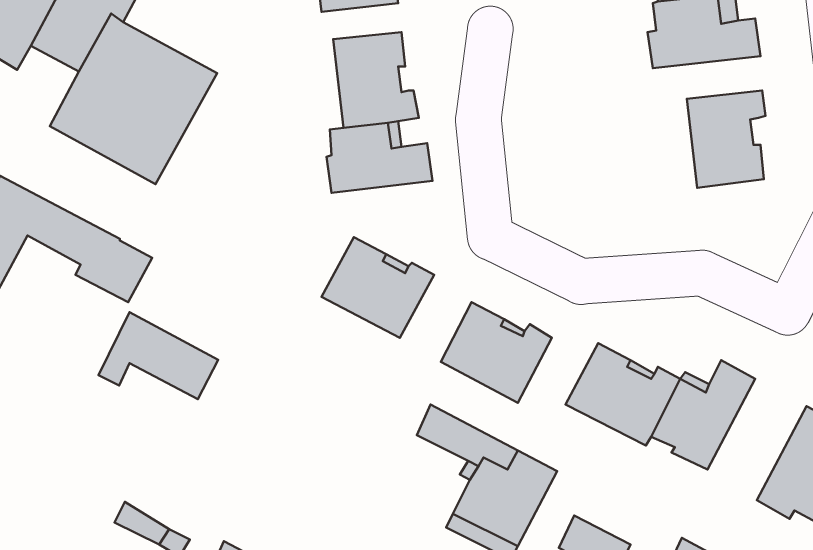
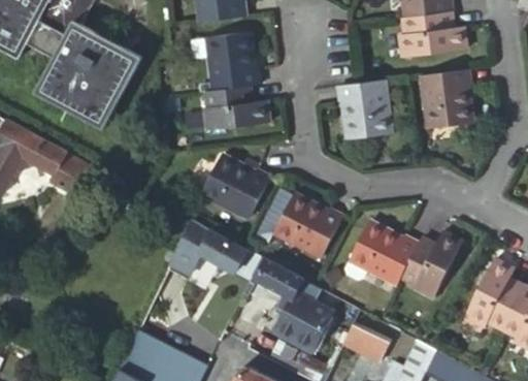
building: none -> [336,77,389,137]
building: [99,312,218,399] -> [174,219,246,272]

